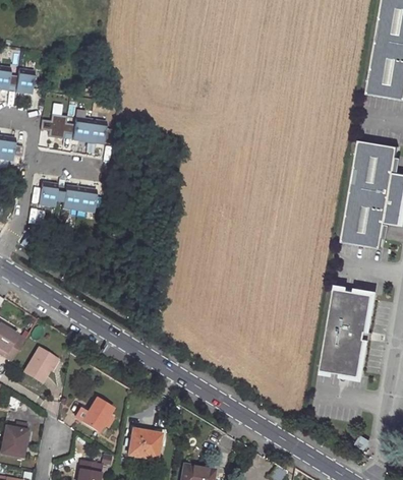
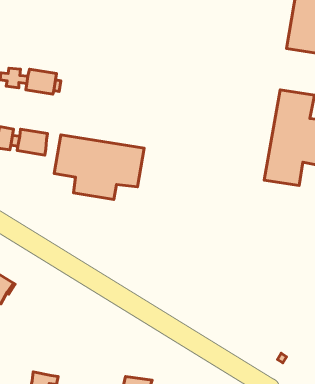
building: none -> [54,135,144,200]
building: [321,289,372,377] -> none
building: [74,397,110,430] -> none
building: [125,429,159,460] -> none

